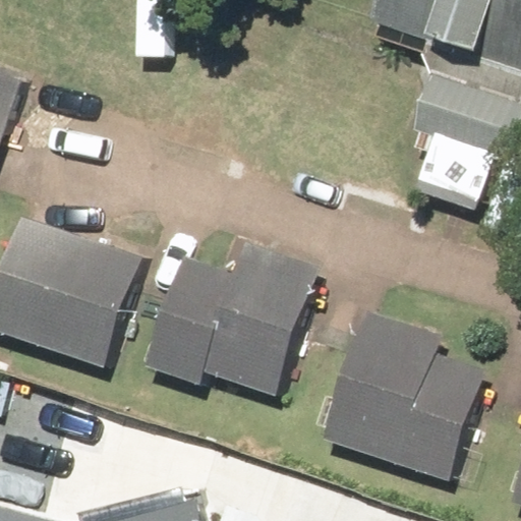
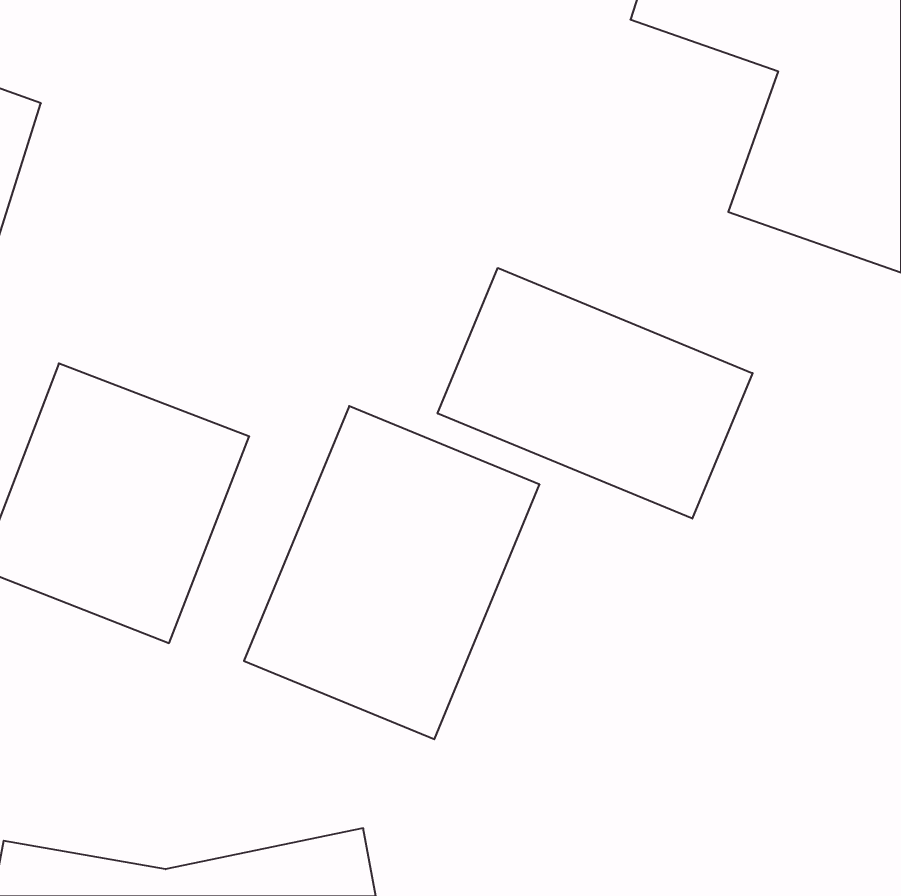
building: none -> [438,268,753,519]
building: [297,313,497,490] -> none

